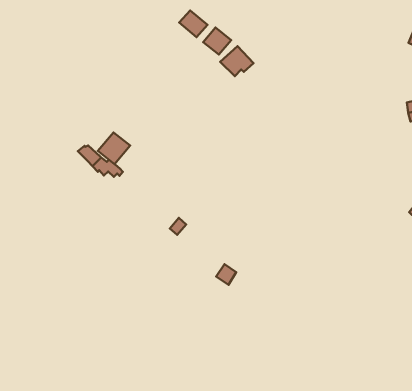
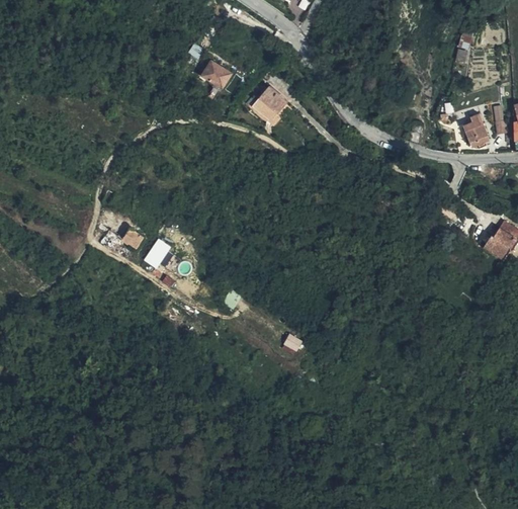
building: [203,28,231,55] -> none
building: [98,132,130,164] -> none

